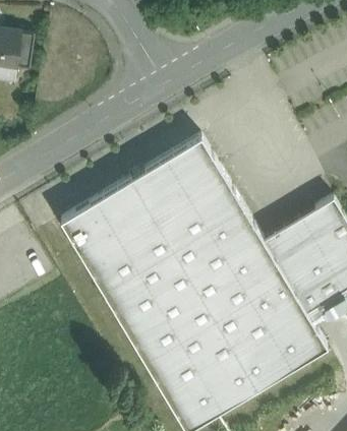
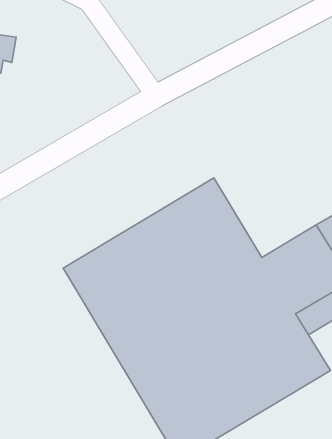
building: [60,138,219,253] -> none

